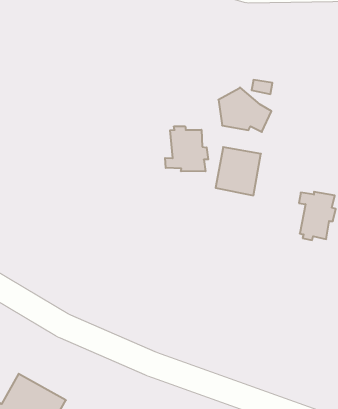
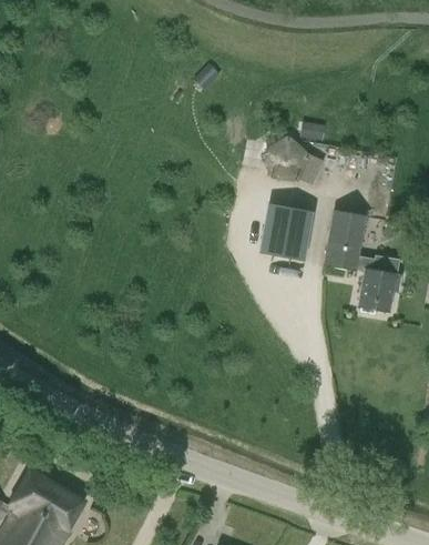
building: [165,126,208,171] -> none
building: none -> [325,210,368,270]

